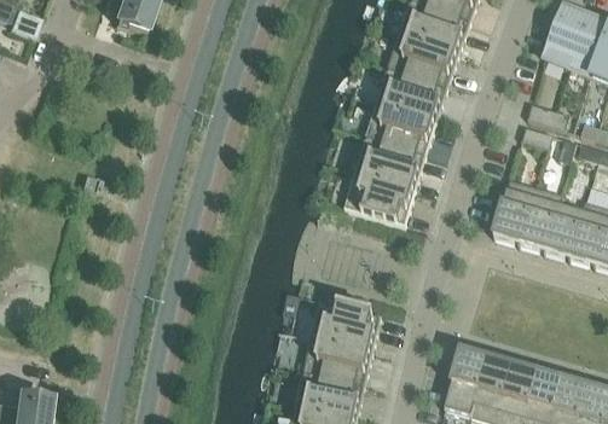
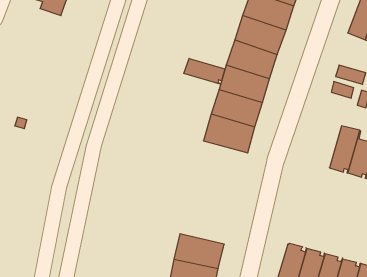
building: none -> [184,58,225,84]
building: [494,178,537,244] -> none
building: [312,298,382,350] -> none

